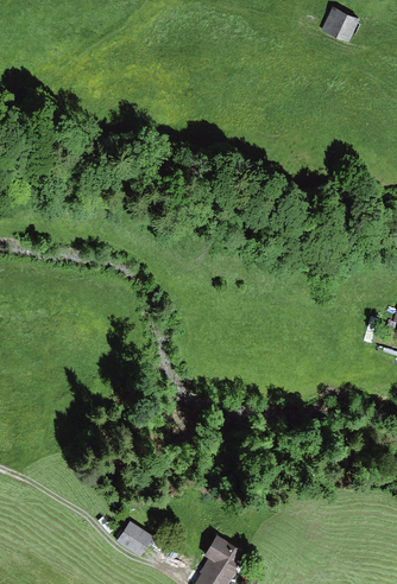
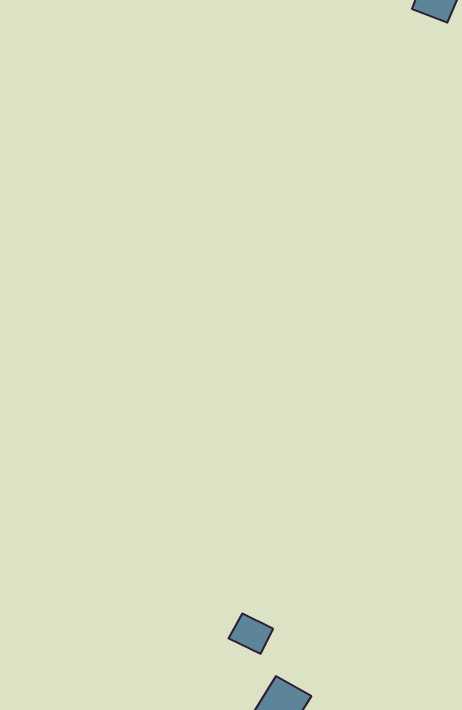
building: [118,525,152,556] -> [228,614,273,654]

